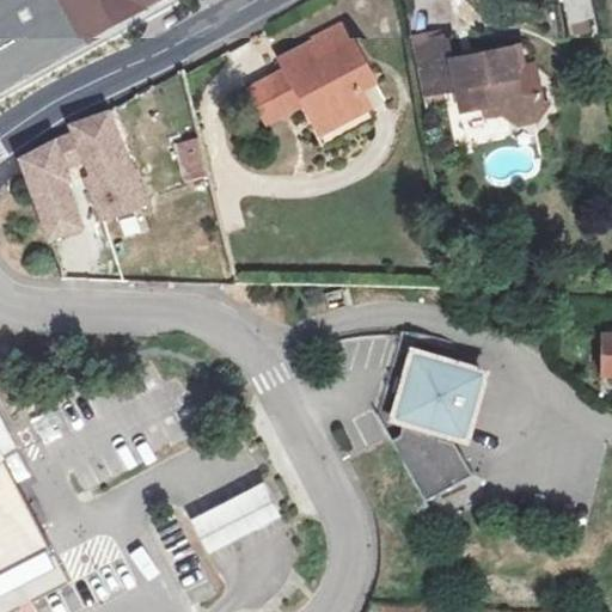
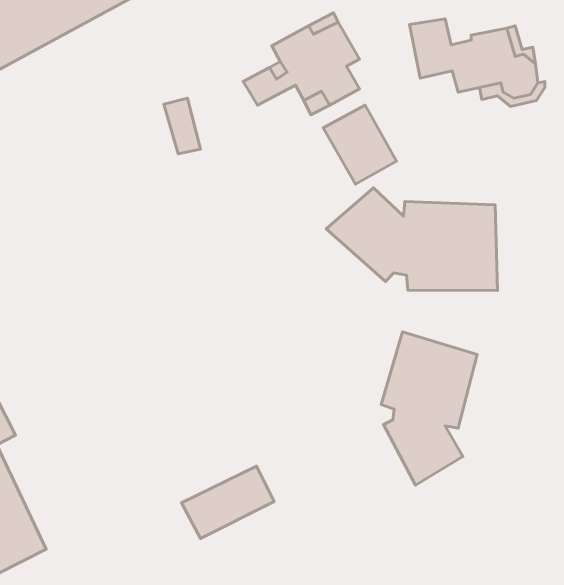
building: [22,112,143,239] -> none
building: none -> [323,105,397,184]
building: none -> [326,188,498,290]

